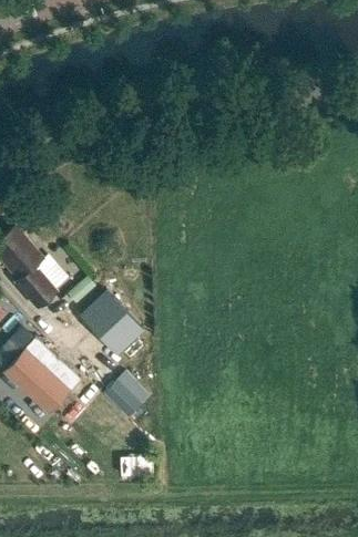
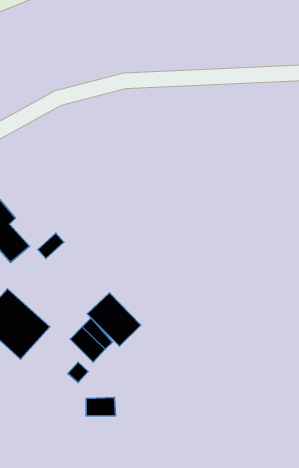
building: [81,285,140,343] -> [87,293,141,346]

